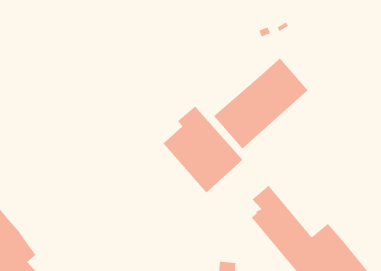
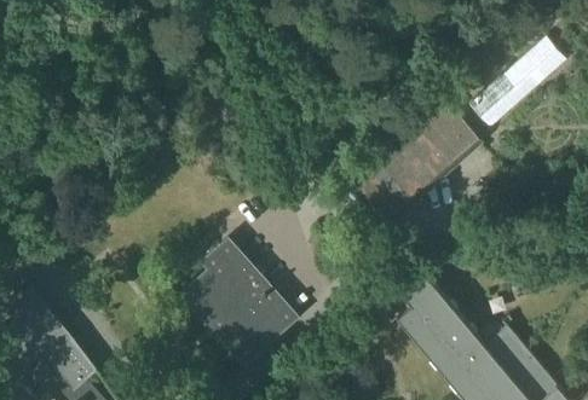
building: none -> [469,36,567,128]
building: [162,106,243,193] -> [183,240,296,364]

